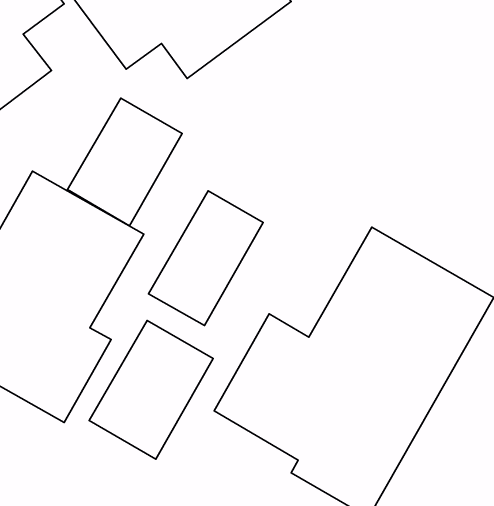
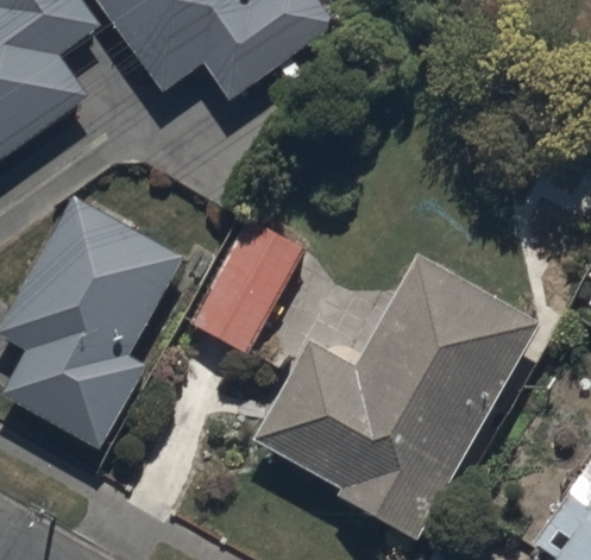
building: [67,98,182,226] -> none
building: [89,321,213,459] -> none

